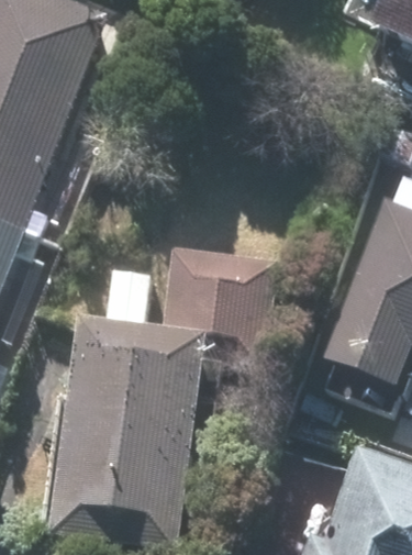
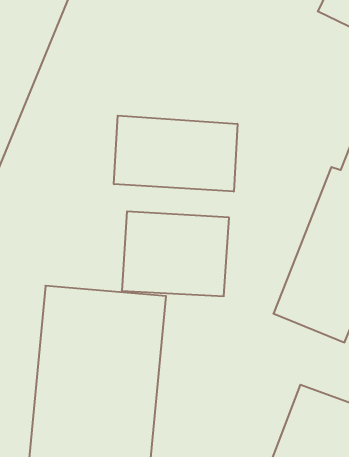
building: none -> [114,116,237,192]

